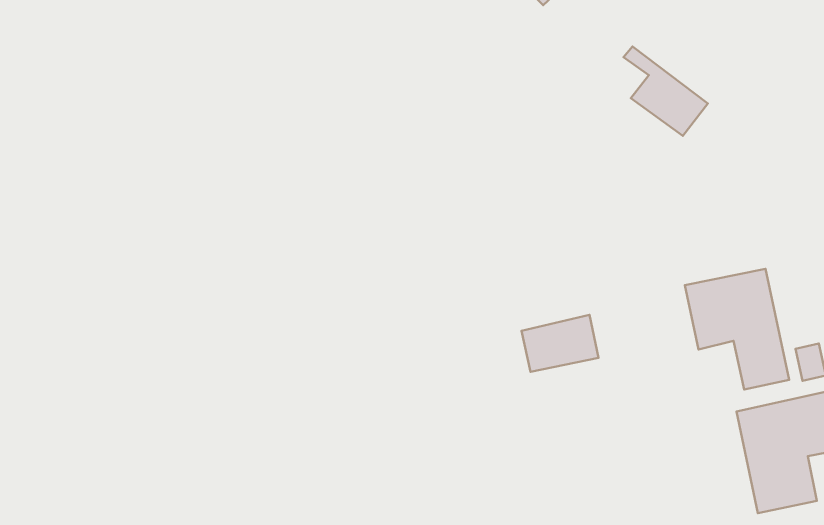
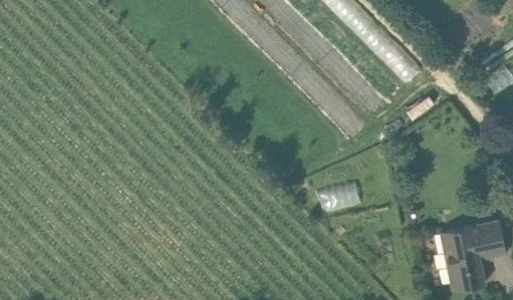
building: [685,269,789,389] -> none

